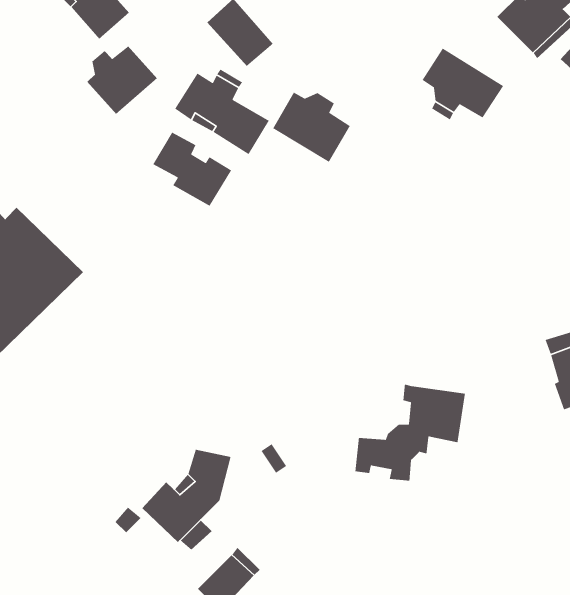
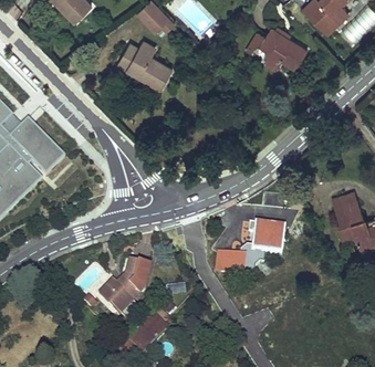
building: [87,45,158,115] -> none
building: [272,92,351,163] -> none
building: [152,131,232,207] -> none

